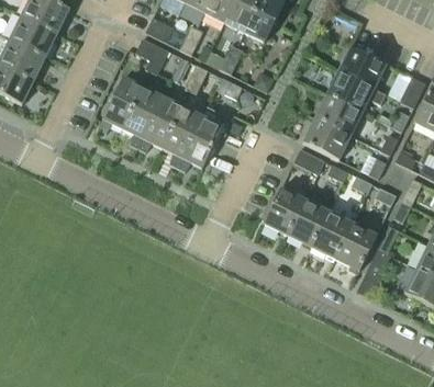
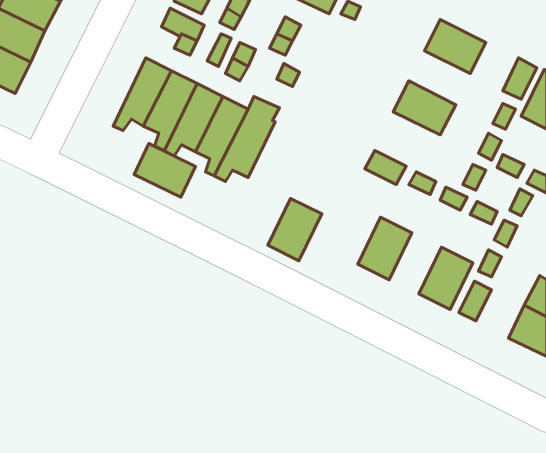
building: [326,70,385,112] -> none
building: [302,117,350,159] -> none
building: none -> [134,144,195,197]
building: [263,186,304,235] -> [268,198,322,261]
building: [311,210,352,258] -> none

